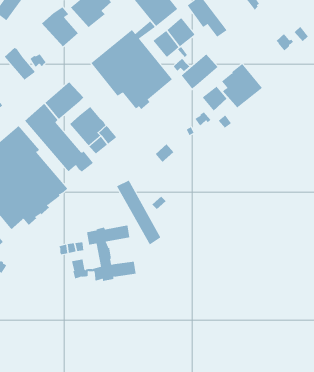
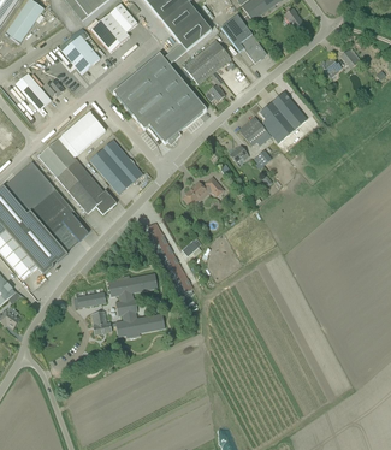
building: [181,54,219,90] -> none

